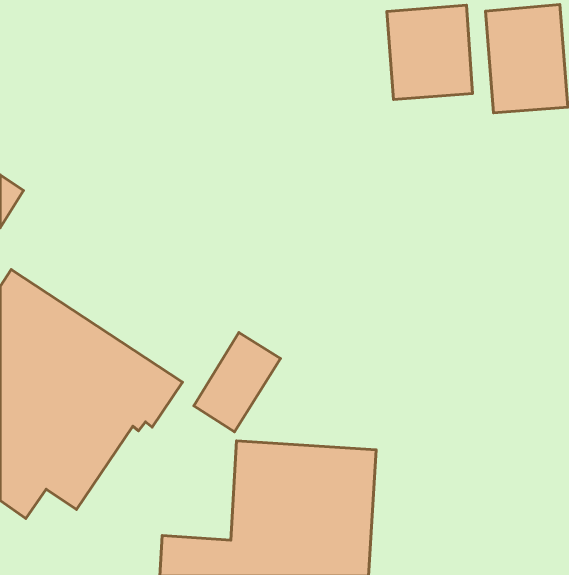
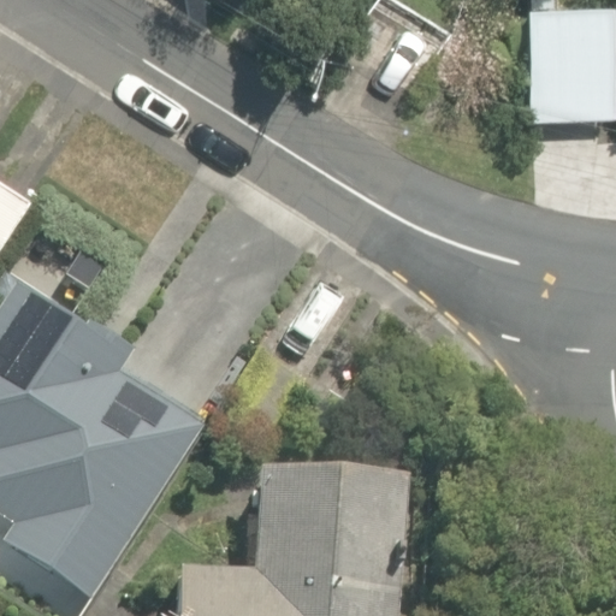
building: [387,5,473,100] -> none

